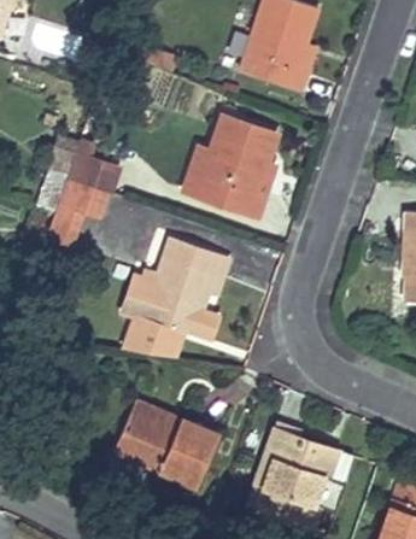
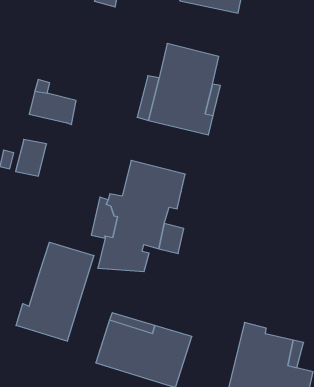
building: [58,177,106,215] -> none
building: none -> [16,242,94,341]

